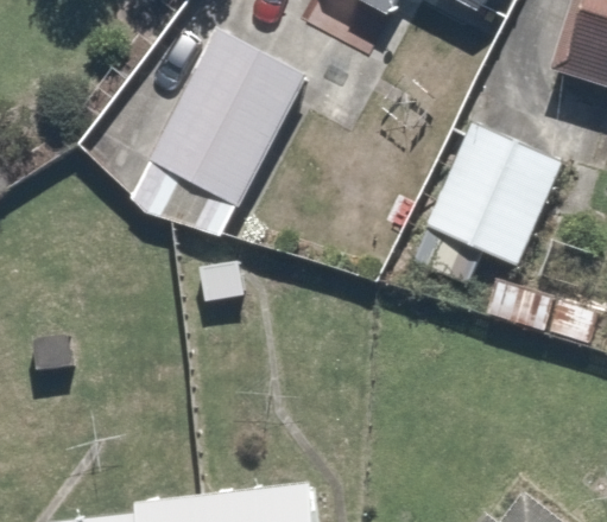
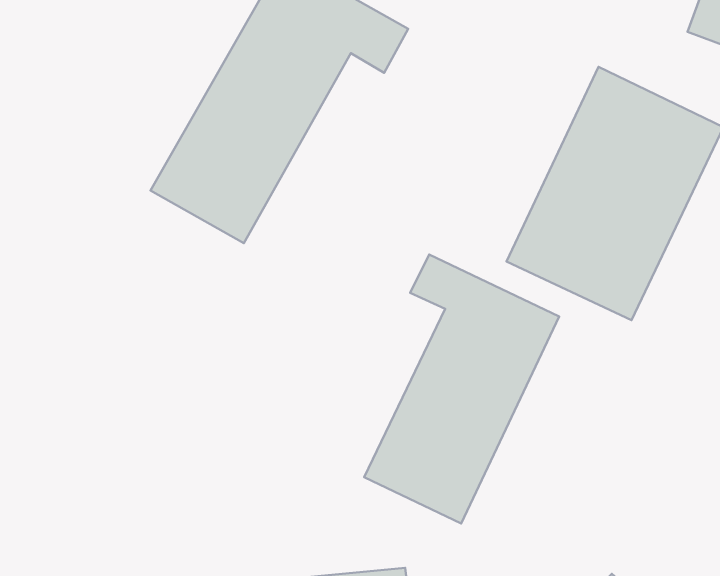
building: none -> [364,254,559,524]

